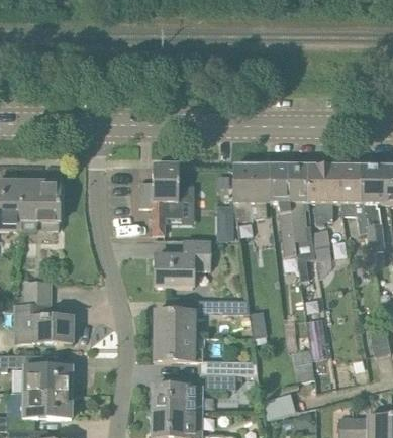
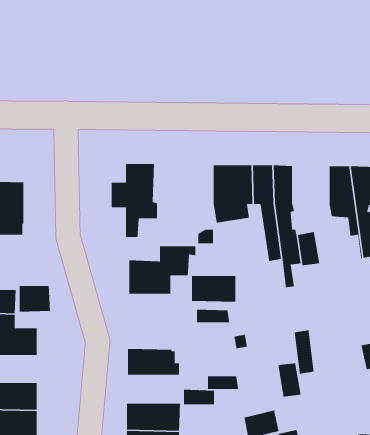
building: [306,167,339,224] -> none
building: none -> [19,285,51,313]
building: [154,311,195,336] -> [191,275,236,302]

